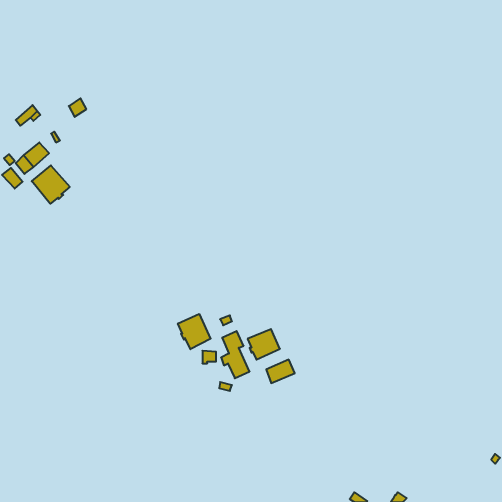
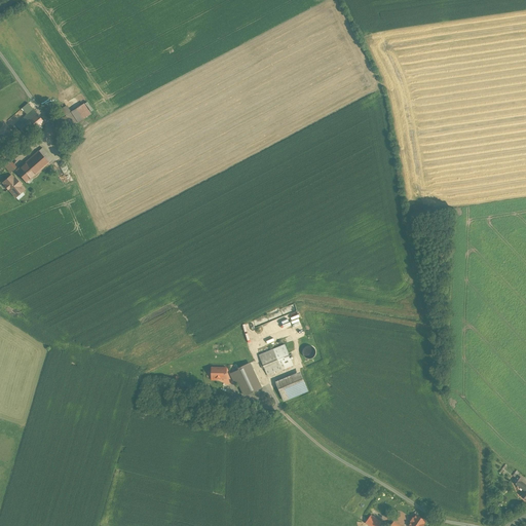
building: [32,165,70,204] -> none
building: [178,314,211,349] -> none

